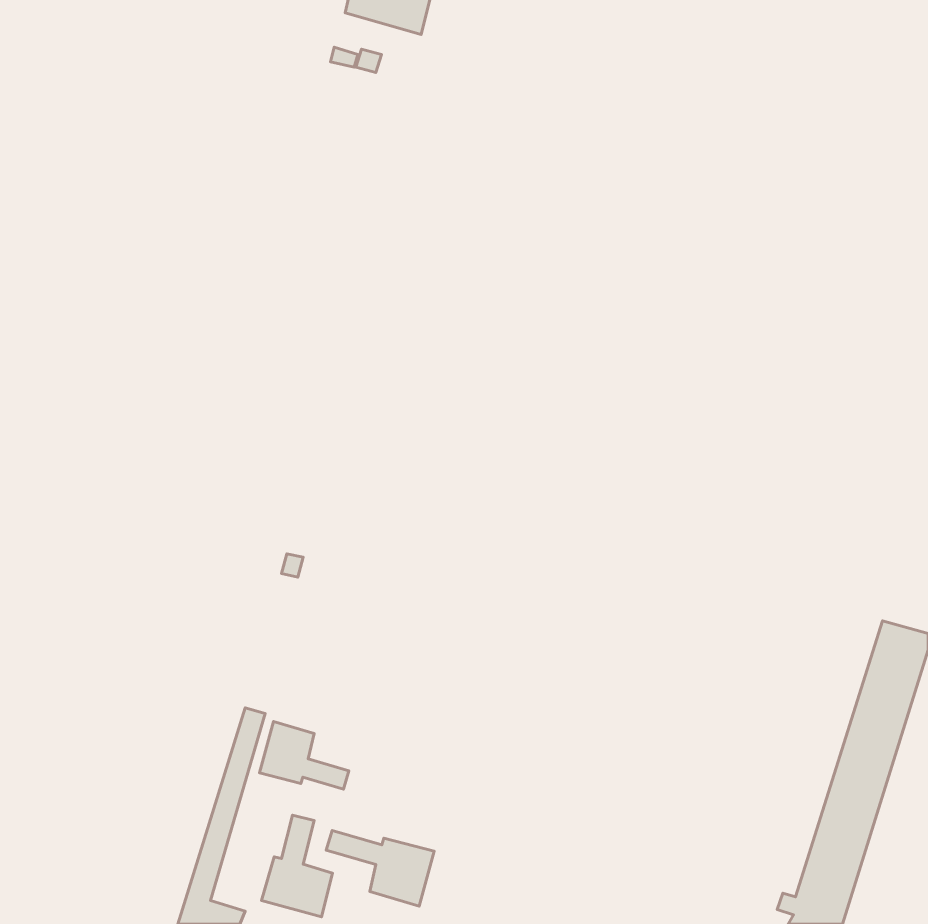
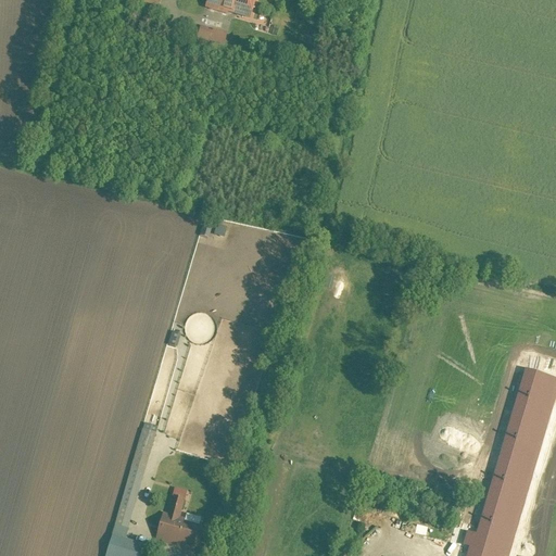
building: [259,721,349,789] -> none
building: [326,830,434,906] -> none

